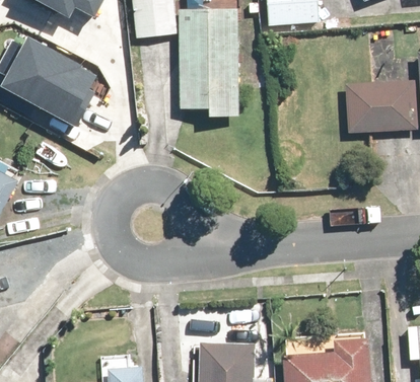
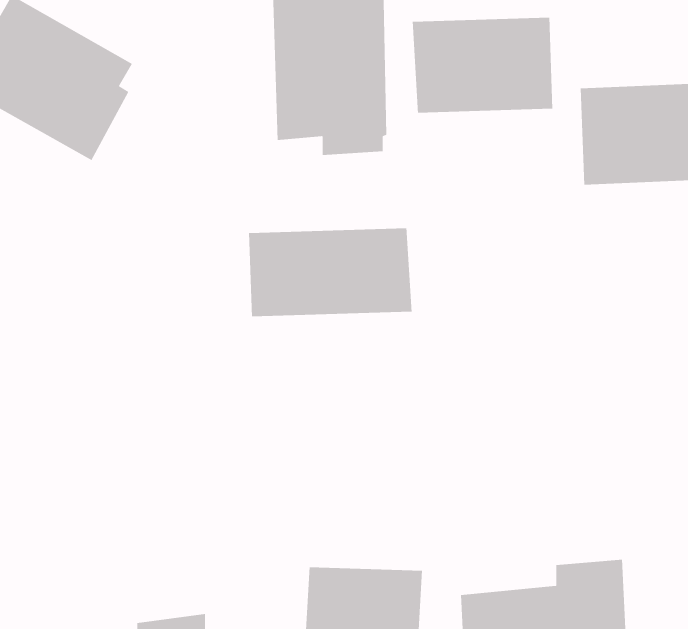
building: none -> [412,17,553,113]
building: none -> [249,228,412,317]

